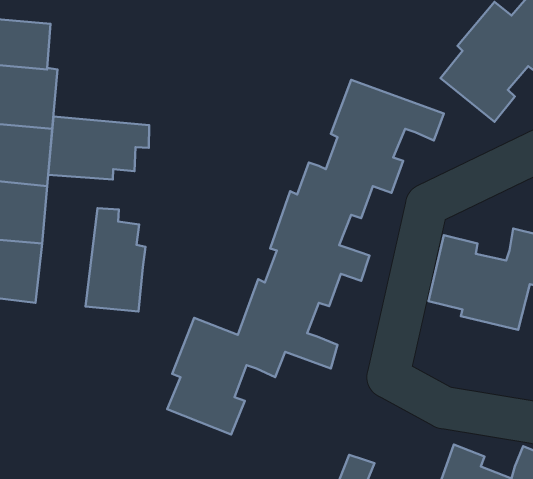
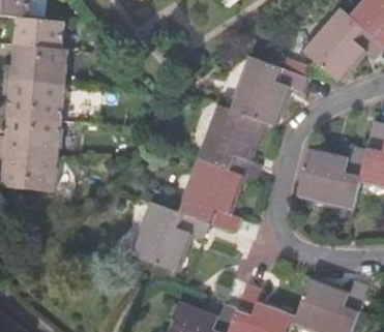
building: [48,117,149,180] -> none
building: [86,208,145,311] -> none

